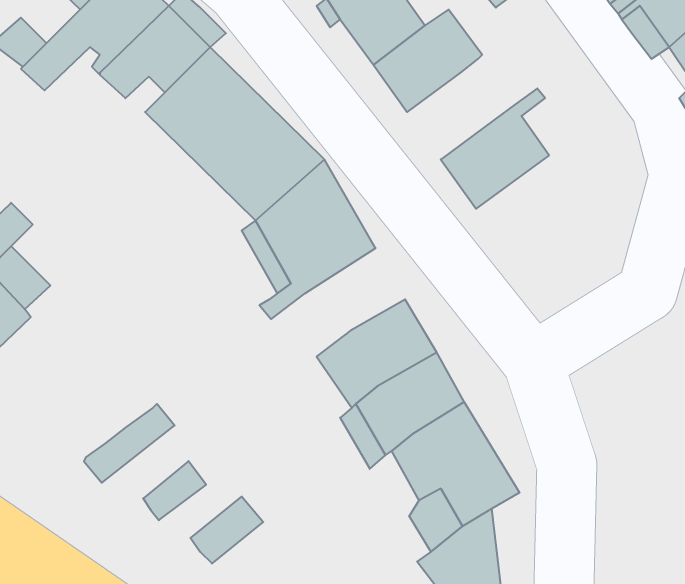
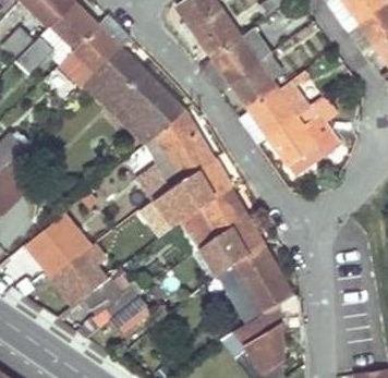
building: none -> [231,54,279,110]
building: none -> [269,96,338,175]
building: none -> [144,159,230,232]
building: none -> [27,212,90,275]

